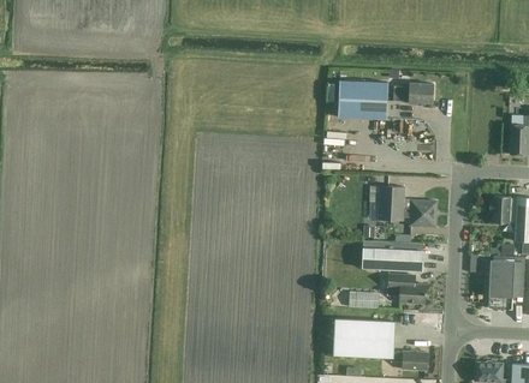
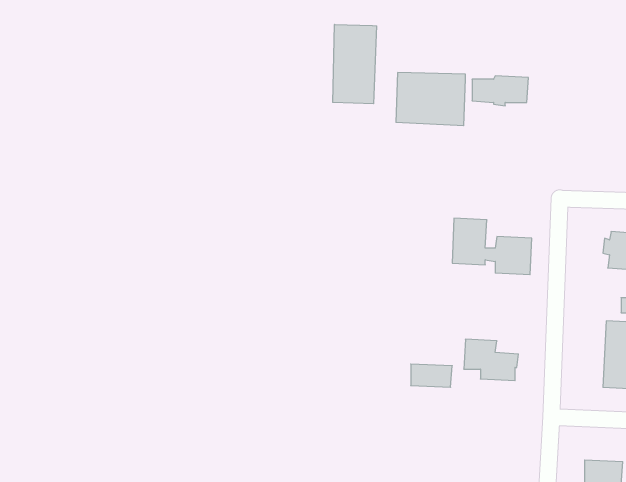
building: none -> [333,24,377,104]
building: [362,247,423,270] -> none
building: [333,318,427,370] -> none

